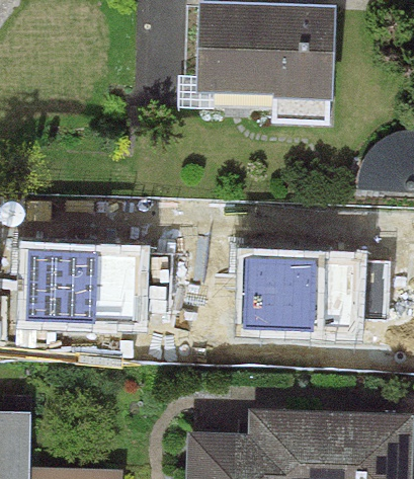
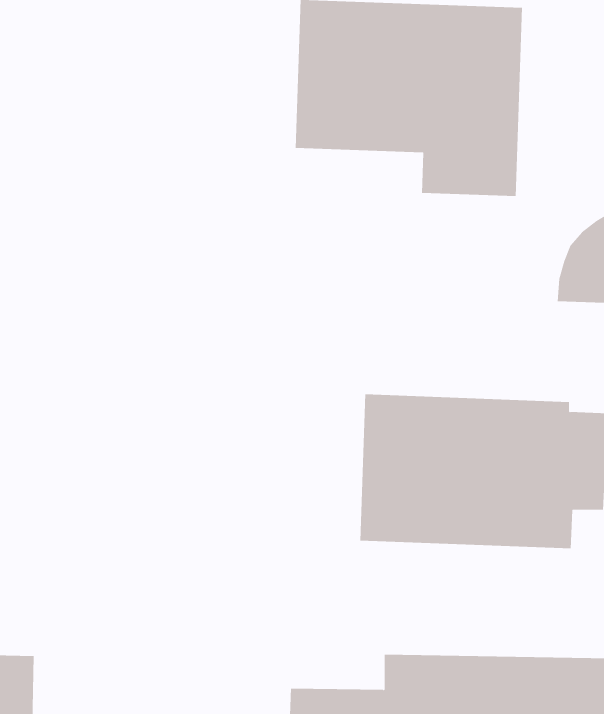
building: [16,241,174,333] -> none

